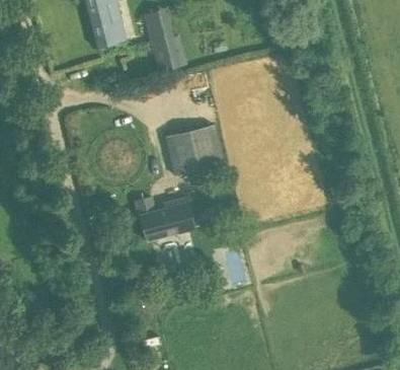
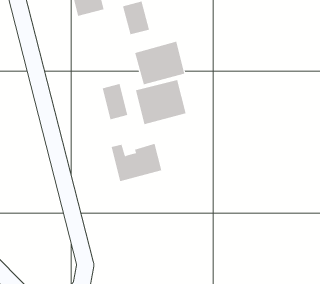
building: none -> [134,41,185,85]
building: none -> [102,83,128,120]

